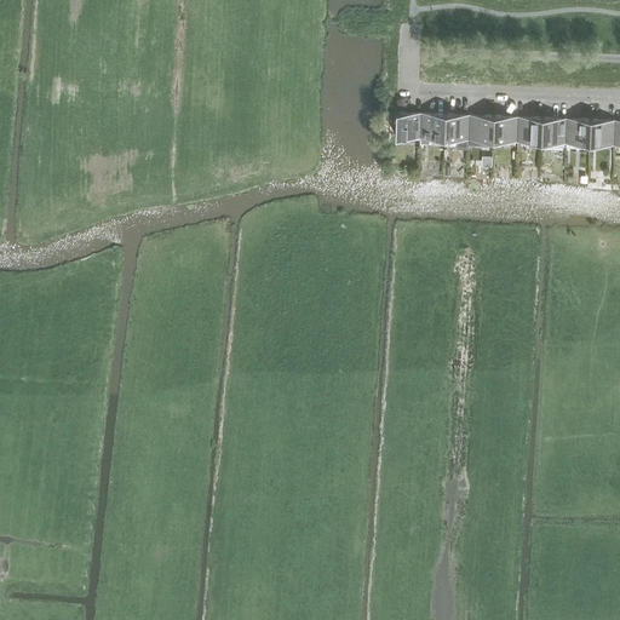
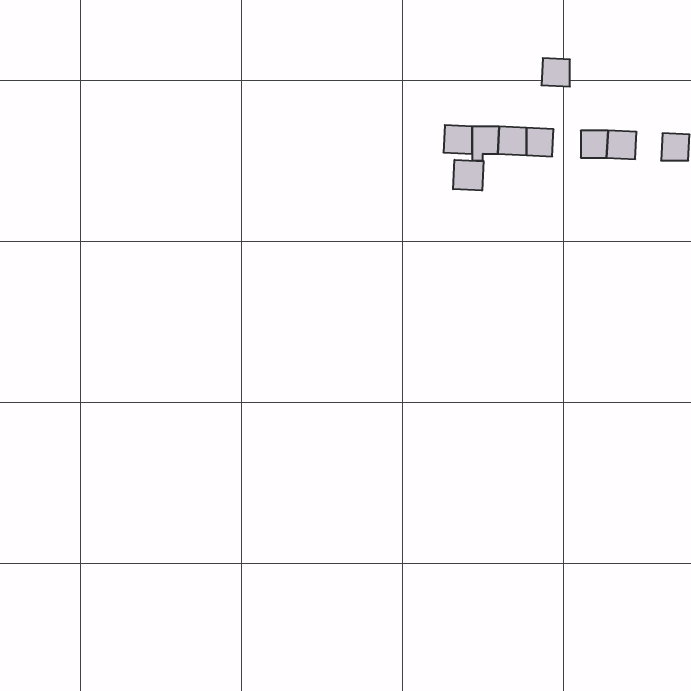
building: [495,119,521,144] -> [541,58,570,87]
building: [569,121,593,147] -> none
building: none -> [453,160,484,191]

